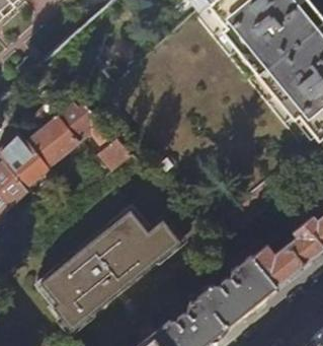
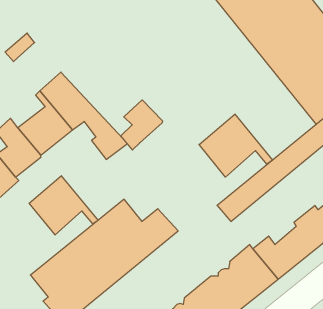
building: none -> [121,100,162,150]
building: none -> [199,114,273,177]
building: none -> [29,176,98,235]

